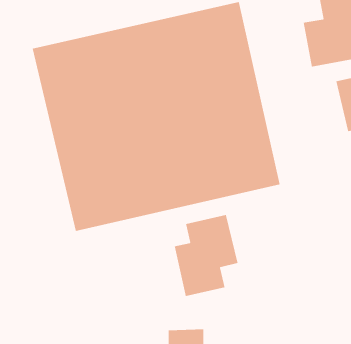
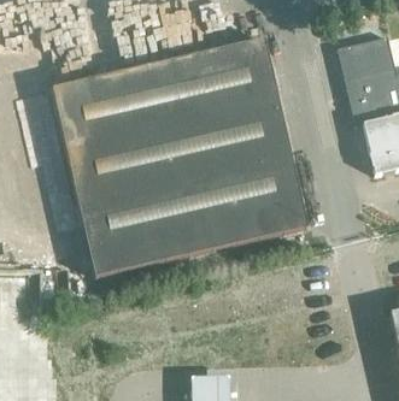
building: [174,214,238,297] -> none

